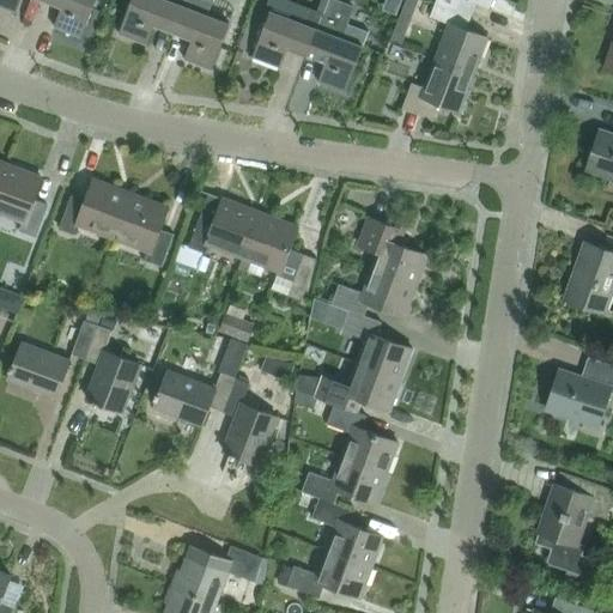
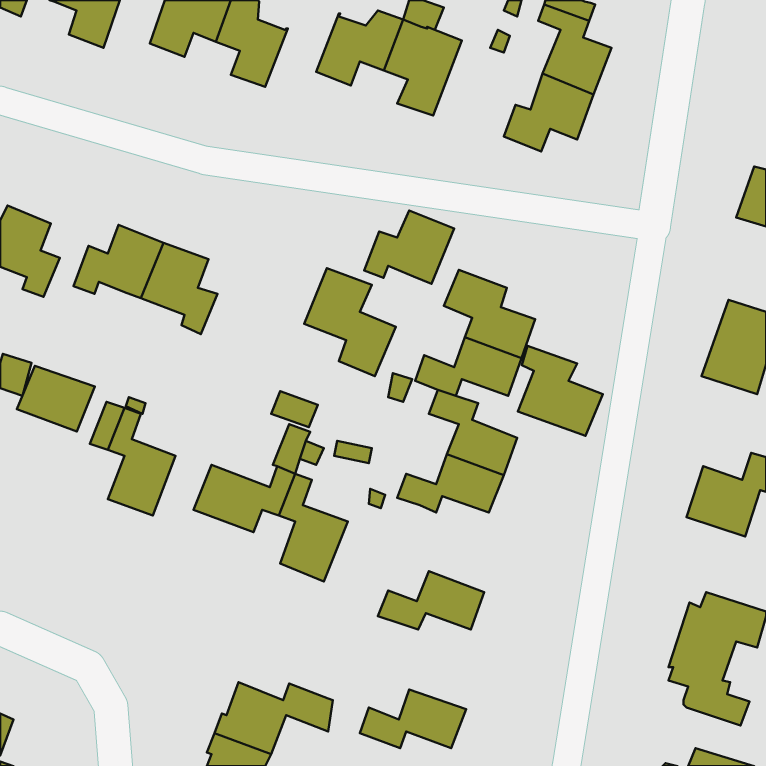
building: [189,200,261,259] -> [364,210,454,284]
building: none -> [518,346,603,436]
building: [8,344,71,396] -> [17,366,95,432]
building: [327,403,399,473] -> none
building: [312,498,383,566] -> none

